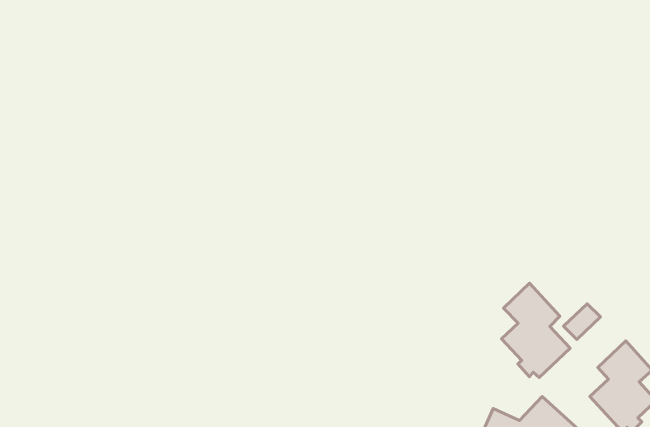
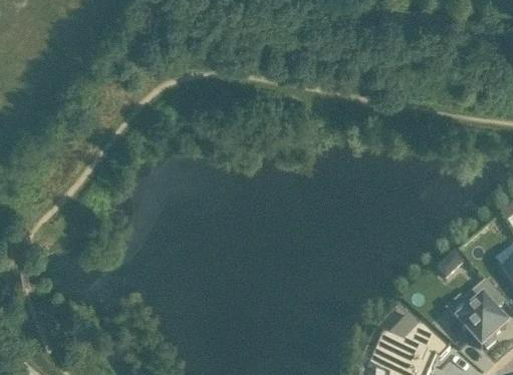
building: [501,283,570,377] -> none

